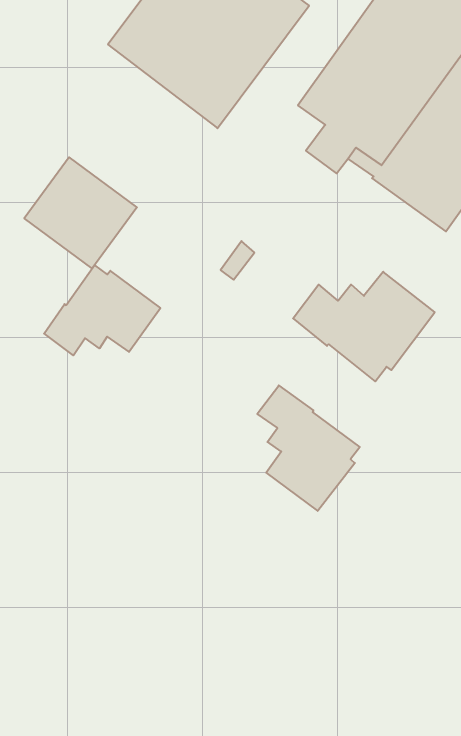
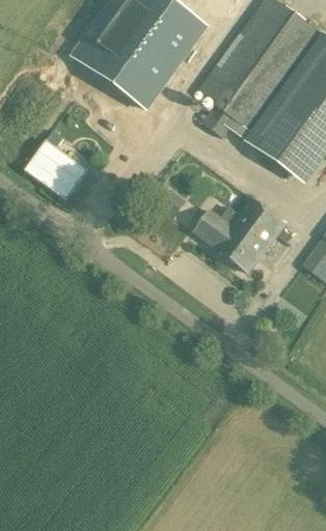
building: [44,265,160,355] -> none
building: [257,385,360,511] -> none

